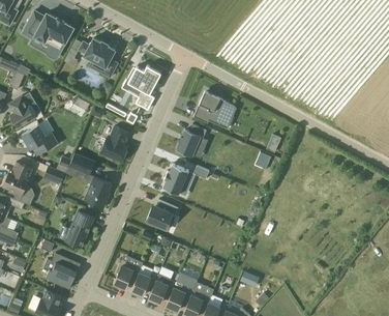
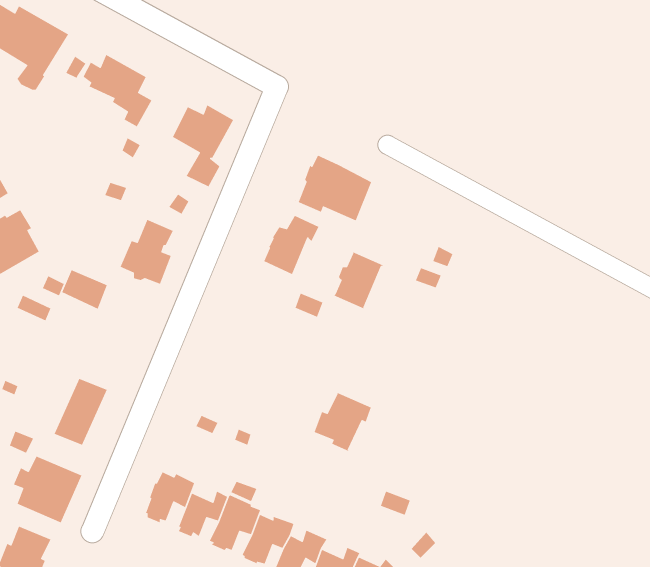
building: [161,164,188,195] -> [333,251,383,309]
building: [87,177,111,208] -> none
building: [146,199,177,231] -> [314,392,372,452]

